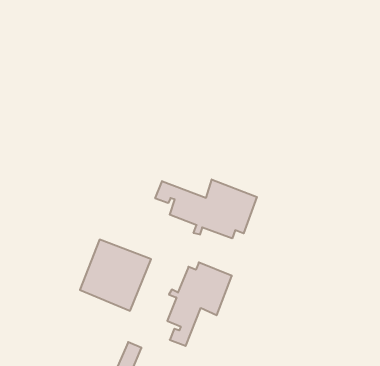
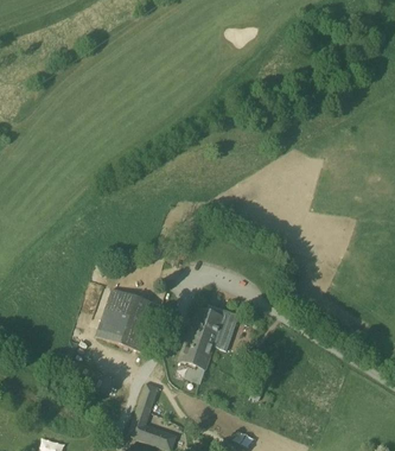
building: [155,179,257,238] -> none

